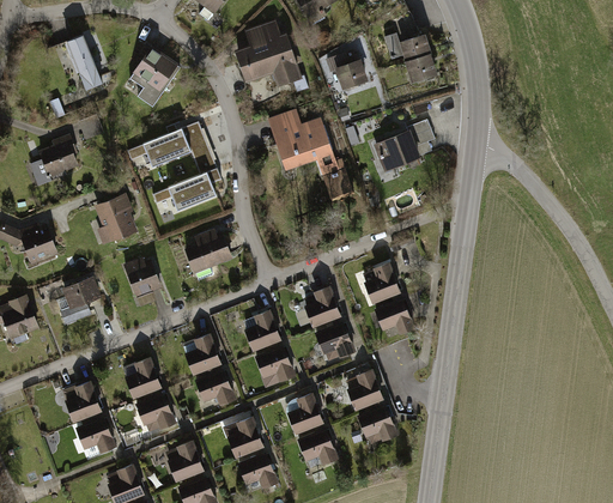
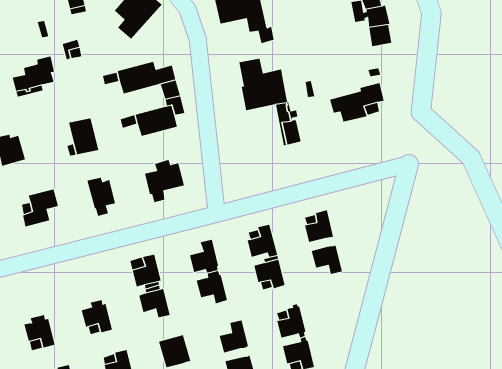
building: [334,53,365,89] -> none
building: [126,358,159,396] -> none
building: [66,382,99,422] -> none

